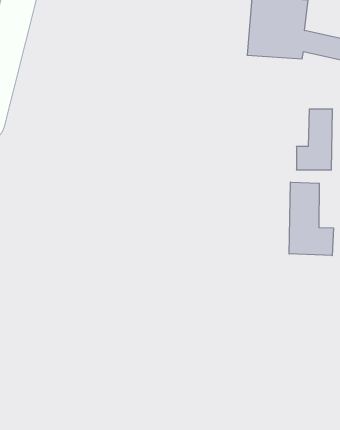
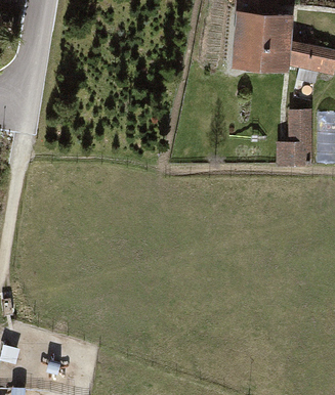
building: [289,182,333,256] -> none

